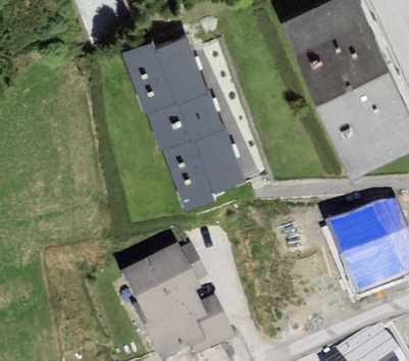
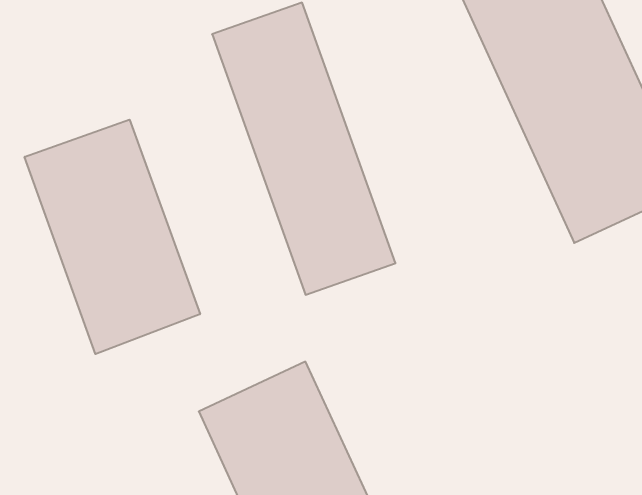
building: none -> [25,120,200,354]

